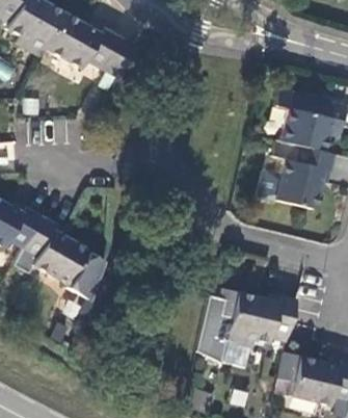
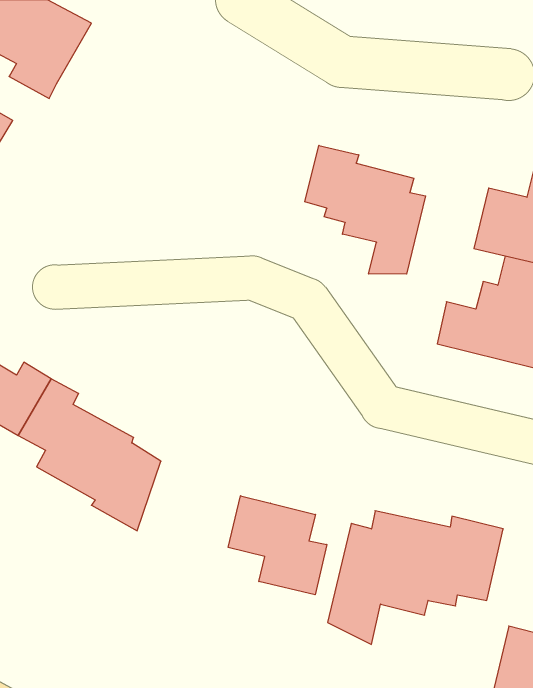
building: [43,14,134,78] -> none
building: none -> [305,145,426,274]
building: none -> [228,496,327,595]

